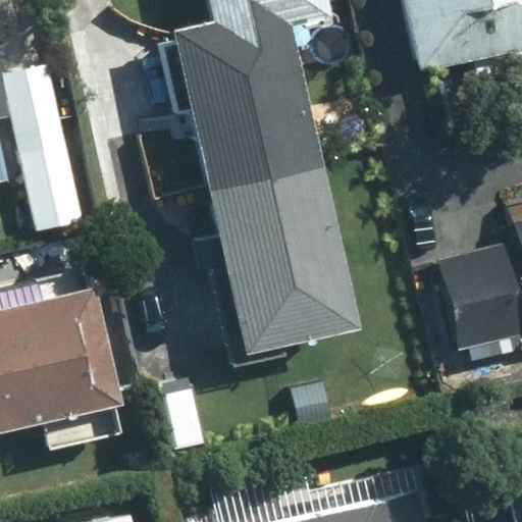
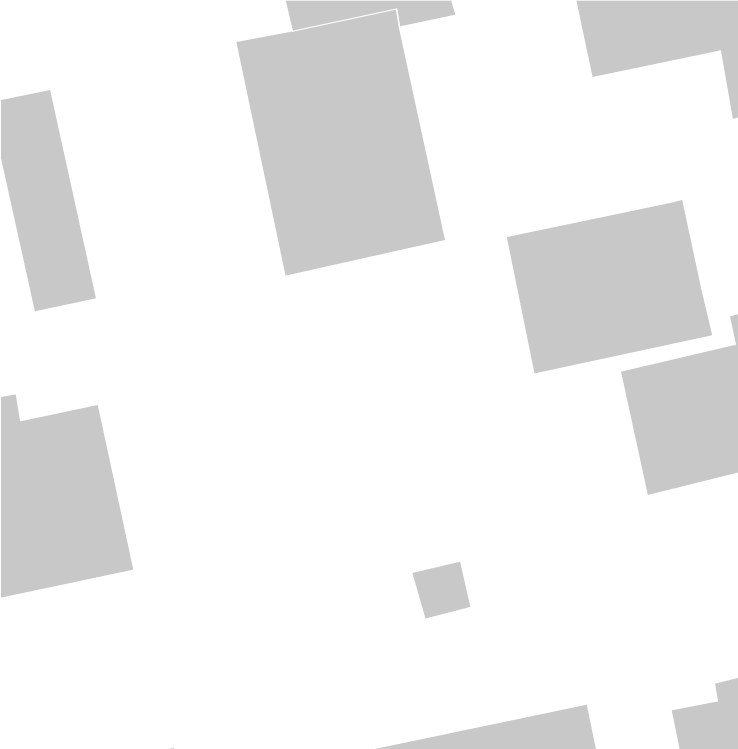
building: none -> [506,199,713,374]
building: [211,173,355,353] -> none

